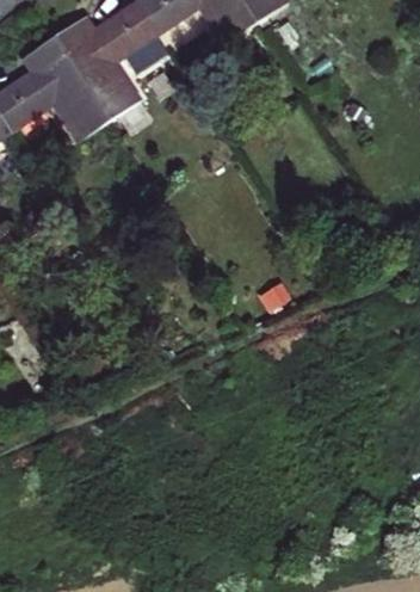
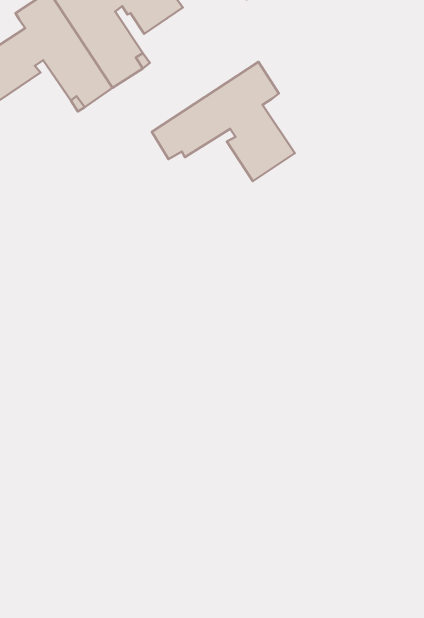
building: none -> [152,62,295,181]

